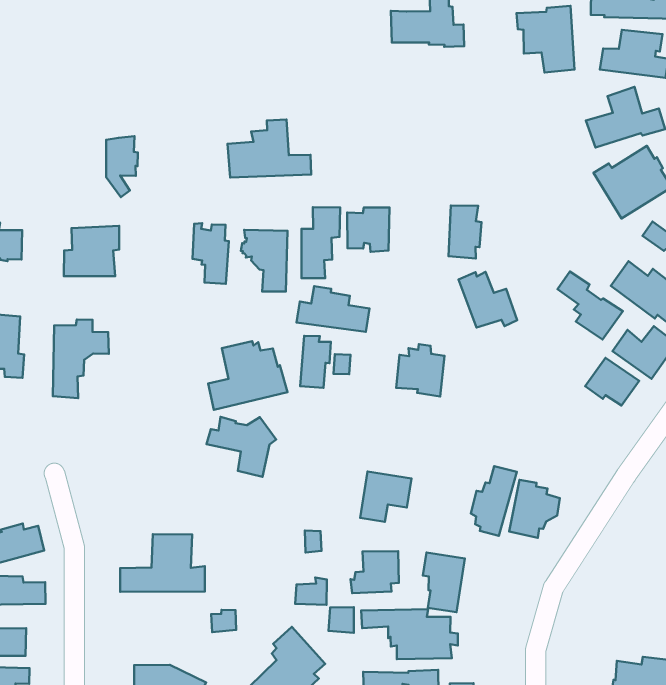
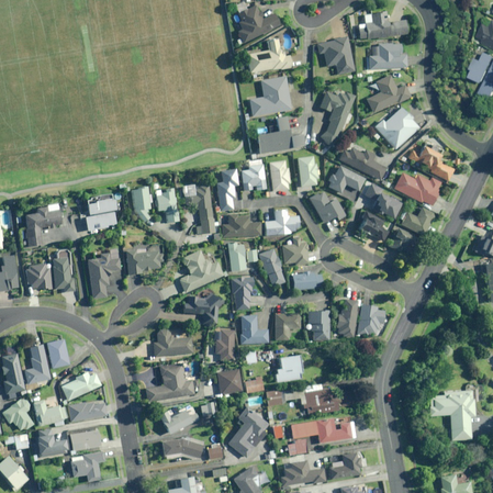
building: none -> [249,75,291,116]
building: none -> [320,91,355,146]
building: [228,120,311,178] -> [256,116,305,154]
building: [106,136,138,197] -> [132,186,152,221]
building: none -> [338,147,386,180]
building: none -> [269,159,290,191]
building: none -> [328,165,366,192]
building: none -> [266,210,300,234]
building: none -> [359,210,389,240]
building: none -> [125,246,161,274]
building: none -> [258,248,284,287]
building: none -> [229,277,253,310]
building: none -> [293,271,323,289]
building: none -> [239,315,268,345]
building: none -> [153,329,191,356]
building: none -> [215,329,234,360]
building: [423,552,465,612] -> [307,310,329,340]
building: none -> [217,369,243,394]
building: none -> [159,410,199,434]

